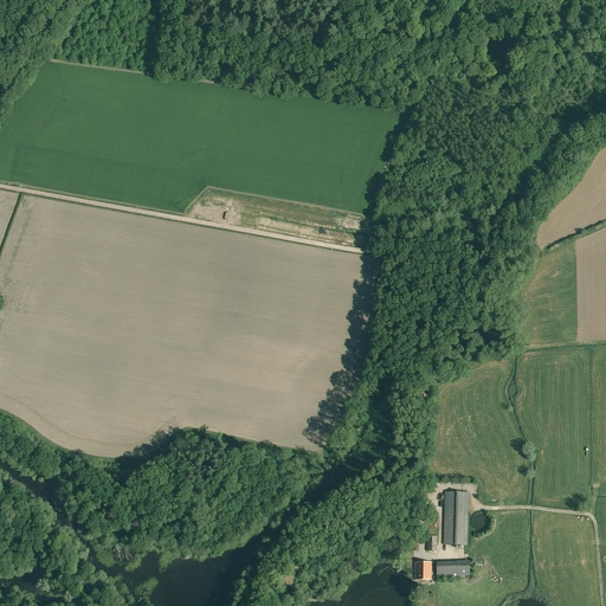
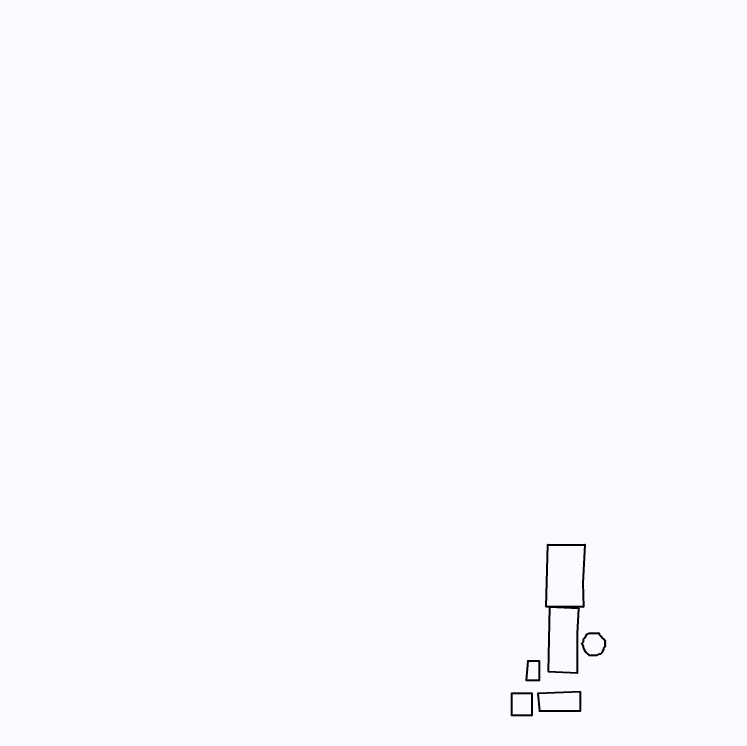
building: none -> [546,545,585,607]

